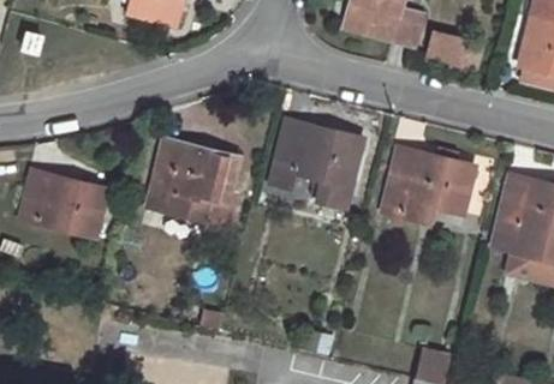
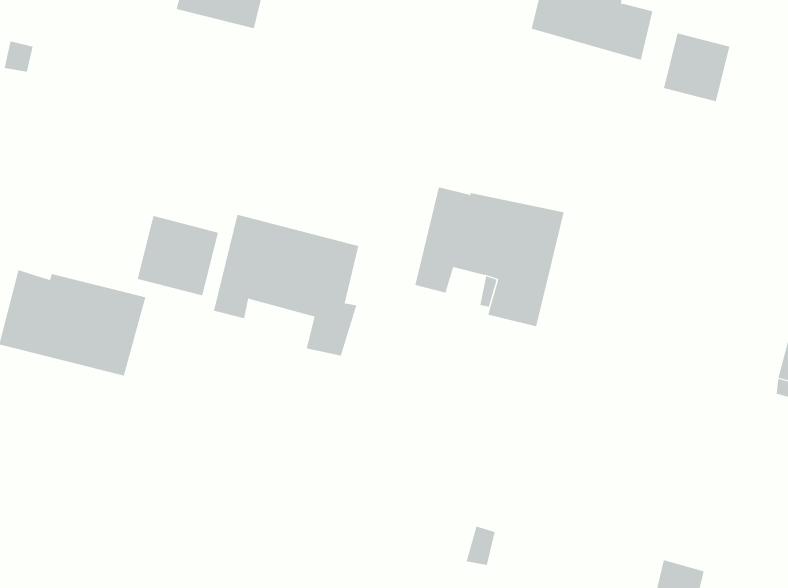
building: none -> [137,215,219,296]
building: [383,150,475,222] -> none

